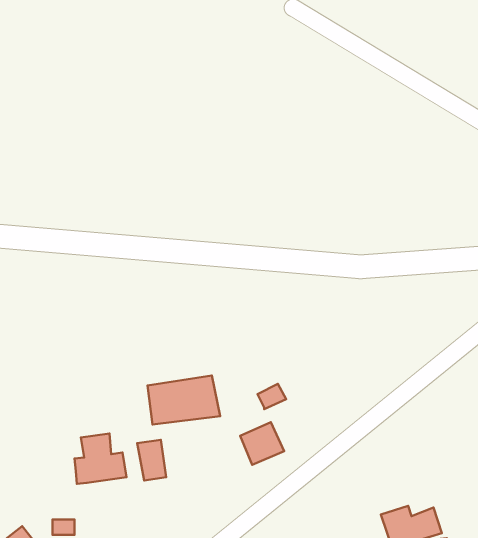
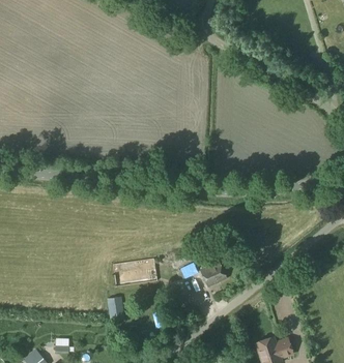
building: [240,422,284,465] -> [200,262,227,288]
building: [75,433,127,484] -> none

